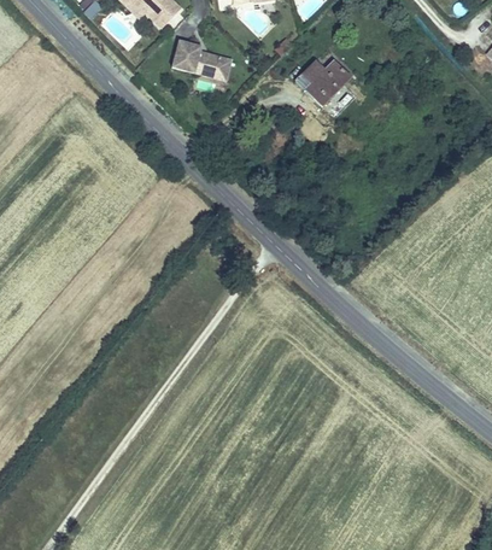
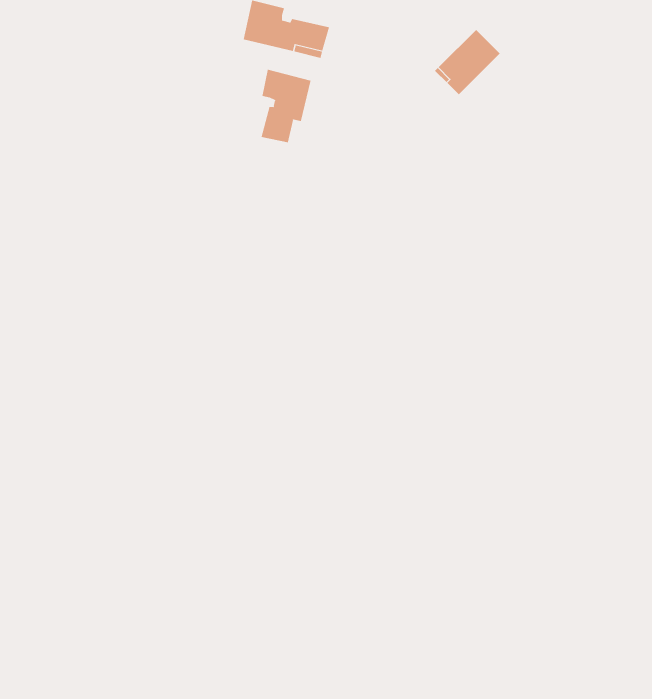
building: none -> [261,69,311,143]

